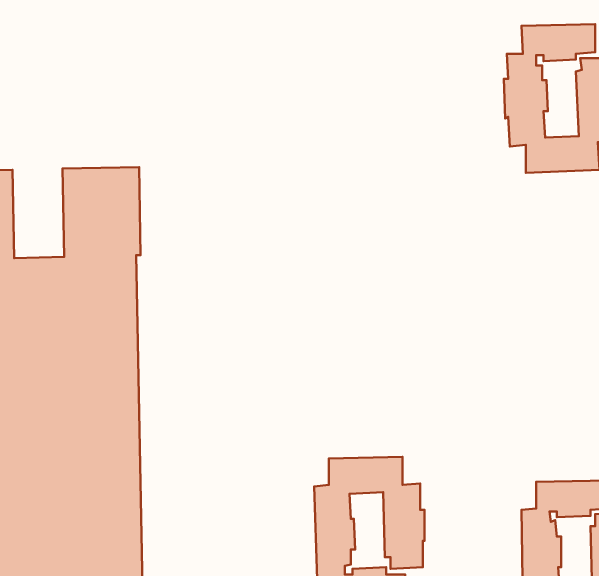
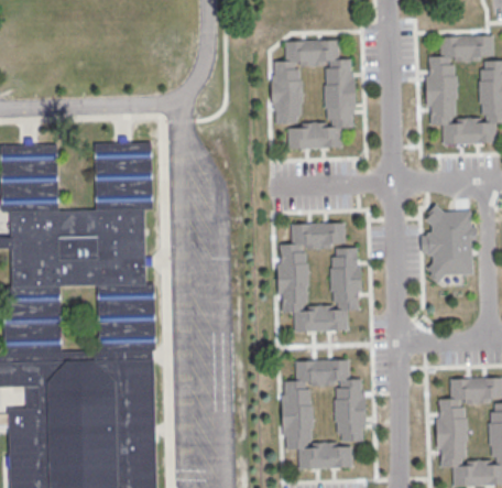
building: none -> [271,39,354,150]
building: none -> [421,210,474,276]
building: none -> [277,223,362,334]

